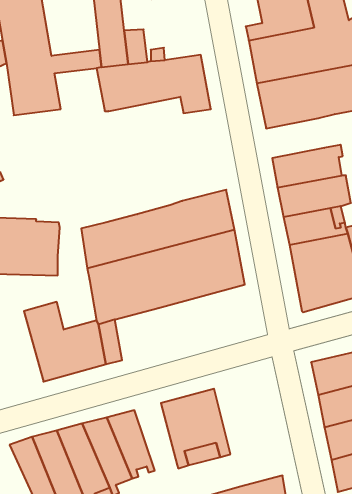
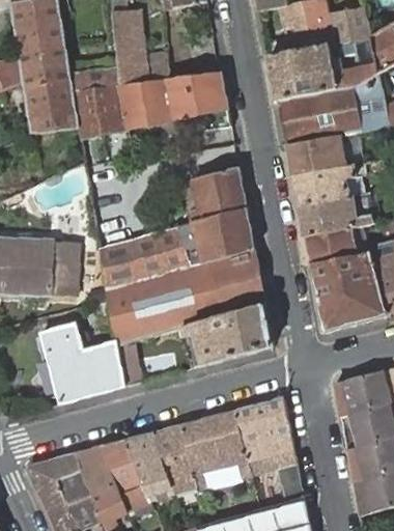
building: none -> [72,85,122,138]
building: none -> [286,132,362,176]
building: none -> [186,168,246,224]
building: none -> [176,305,273,367]
building: none -> [233,397,301,494]
building: none -> [152,425,196,494]

